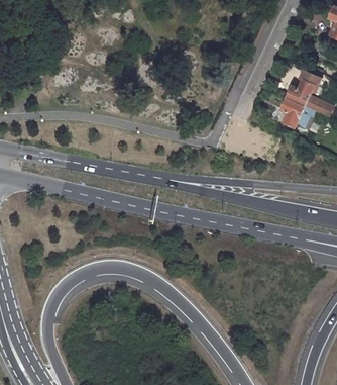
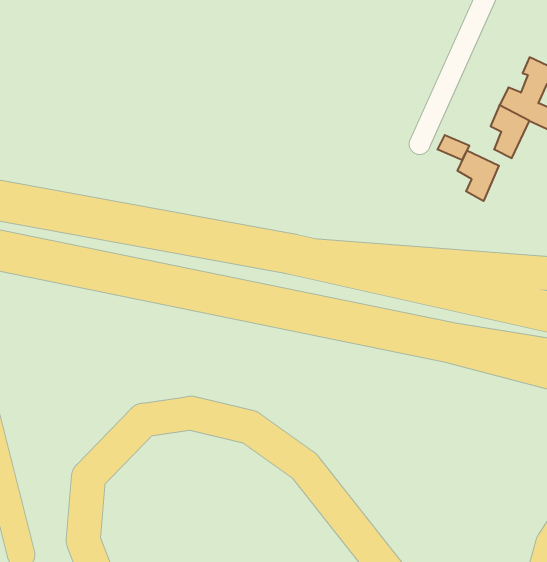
building: none -> [458,150,499,201]

